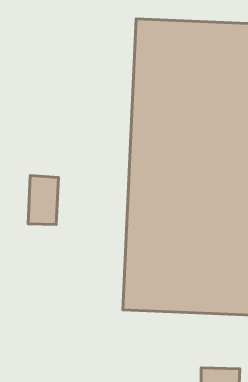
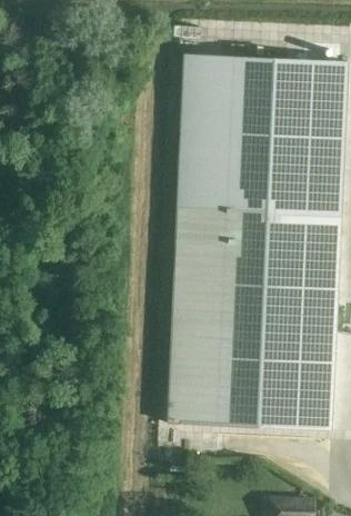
building: [28,175,58,225] -> none

